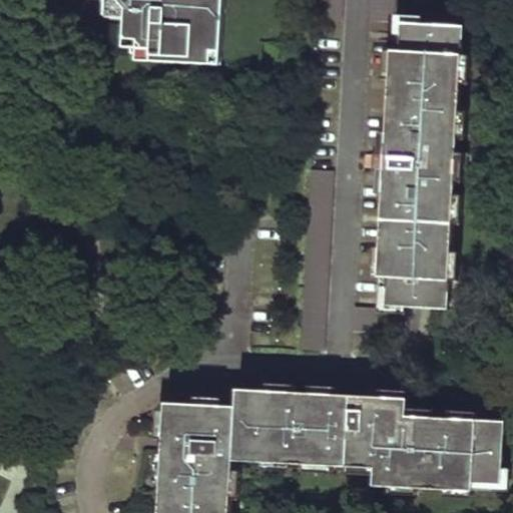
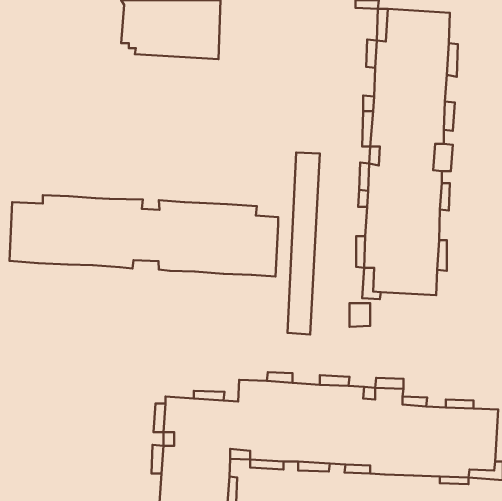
building: none -> [9,195,278,277]

